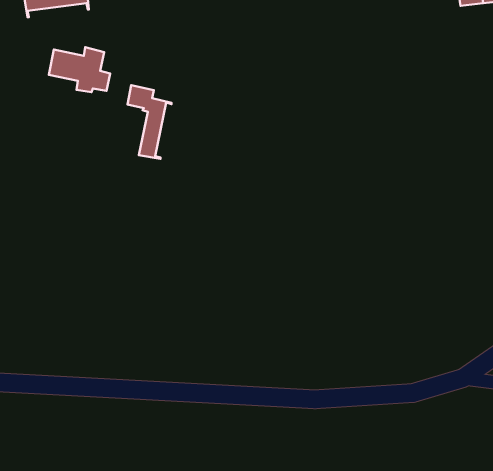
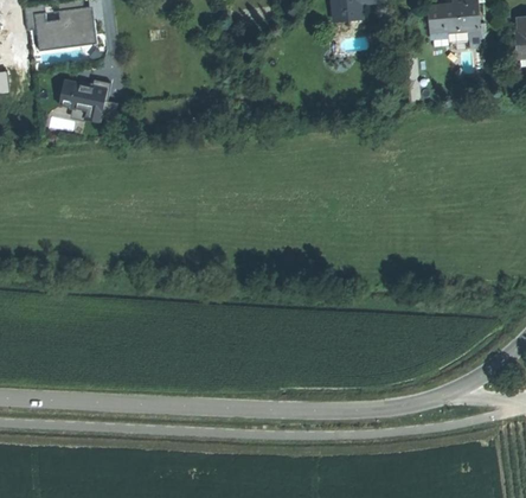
building: [128,85,171,159] -> none

